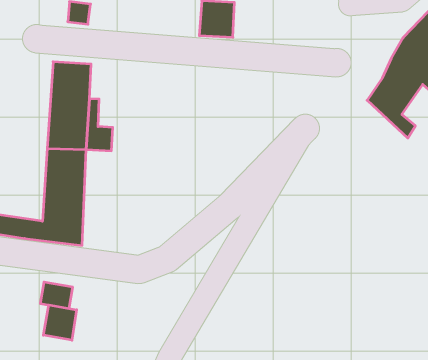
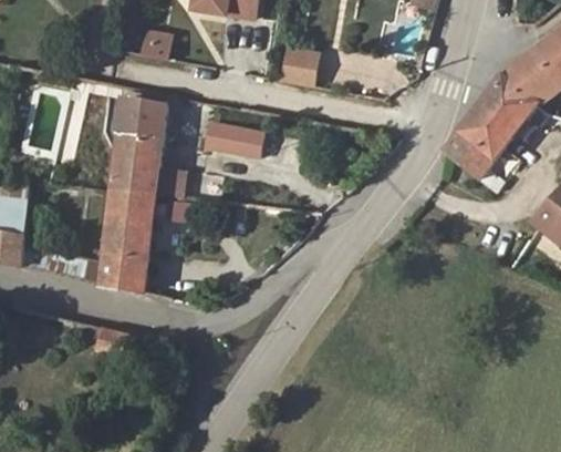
building: none -> [201,121,261,154]
building: [43,305,77,340] -> none

